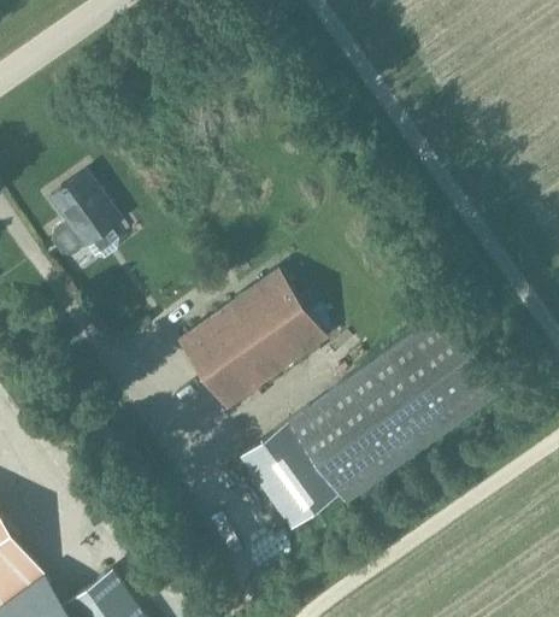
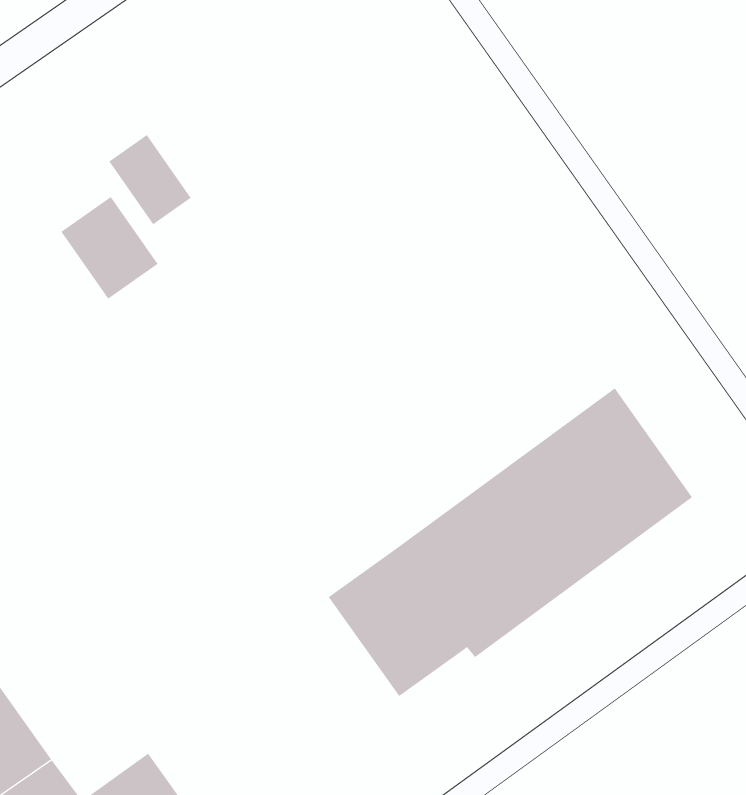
building: none -> [108,134,192,225]
building: [178,271,325,409] -> none

